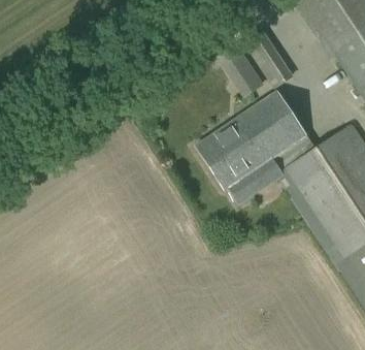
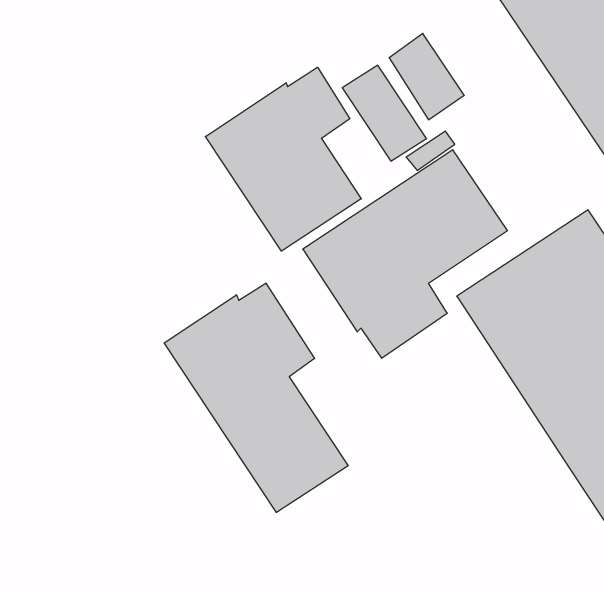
building: none -> [205,67,361,251]
building: none -> [164,283,348,512]

